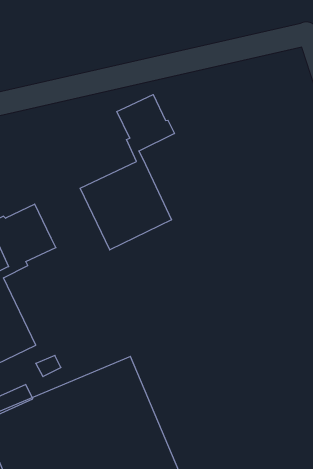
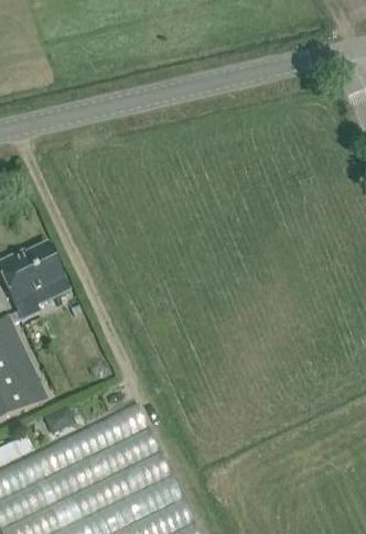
building: [80,95,174,250] -> none

